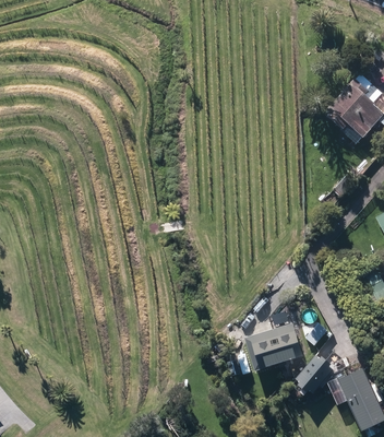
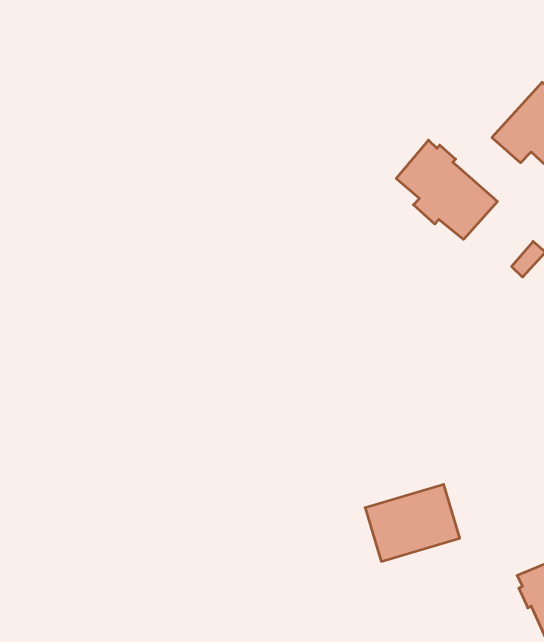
building: none -> [396,140,497,239]
building: [293,353,341,393] -> none

